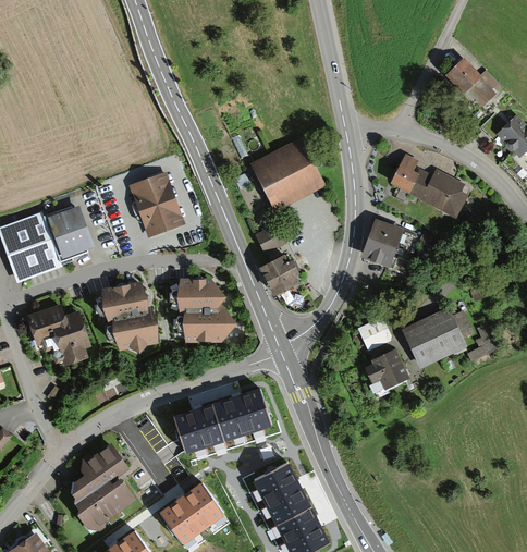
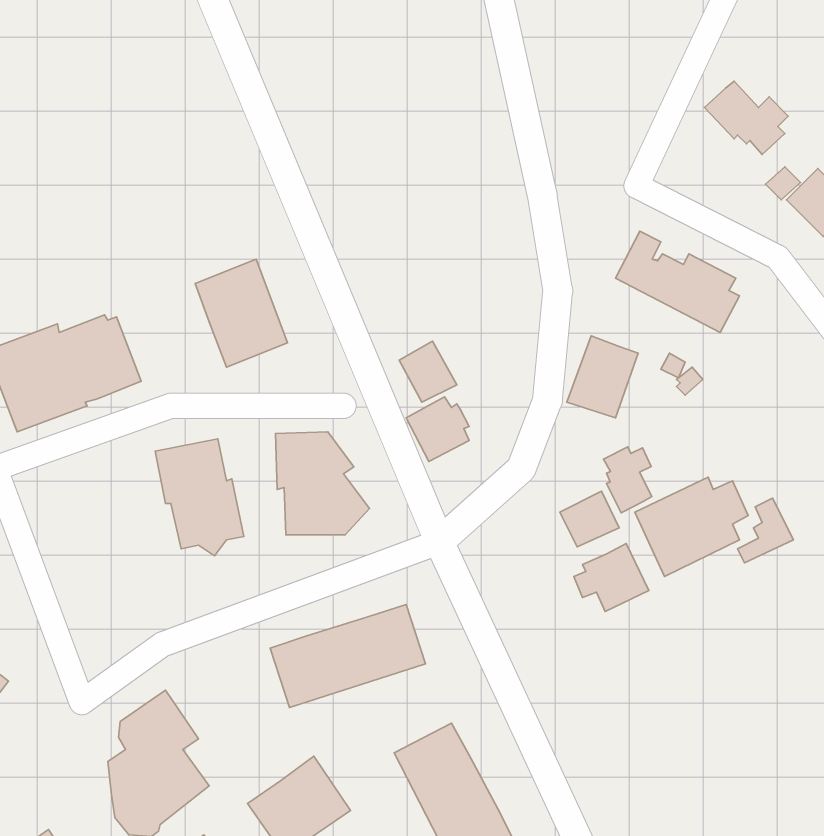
building: [250,138,324,210] -> none
building: none -> [603,447,652,513]
building: [24,304,91,366] -> none

